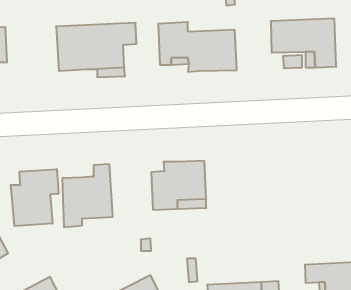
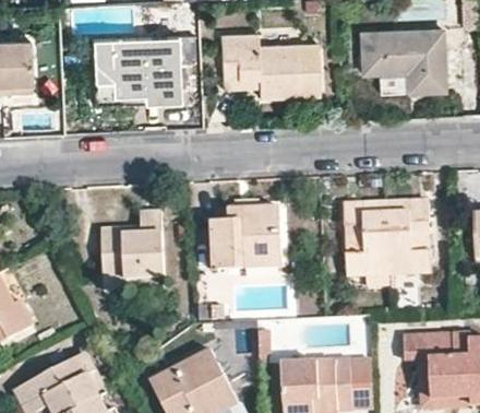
building: none -> [344,201,431,276]
building: [11,169,59,226] -> none

